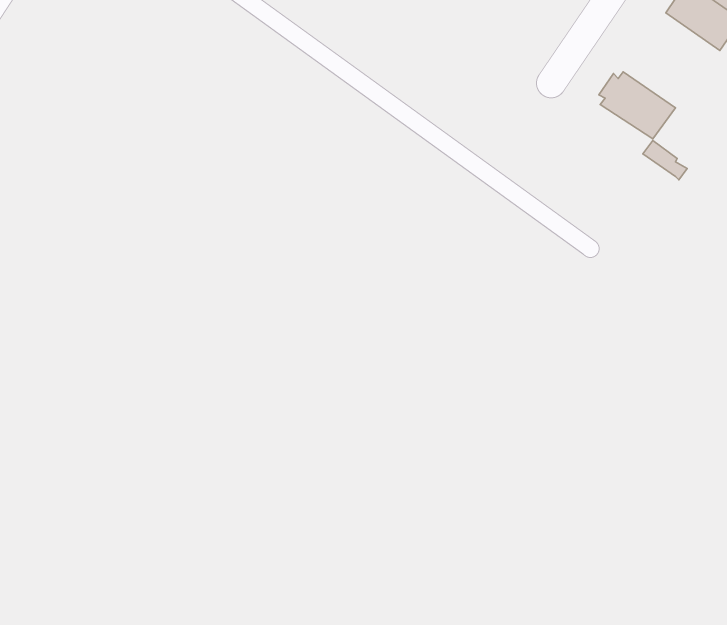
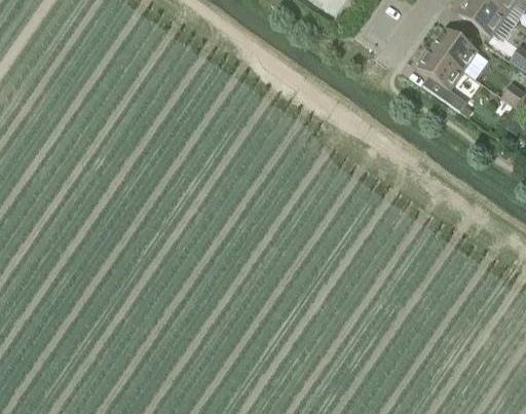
building: none -> [434,29,480,71]

